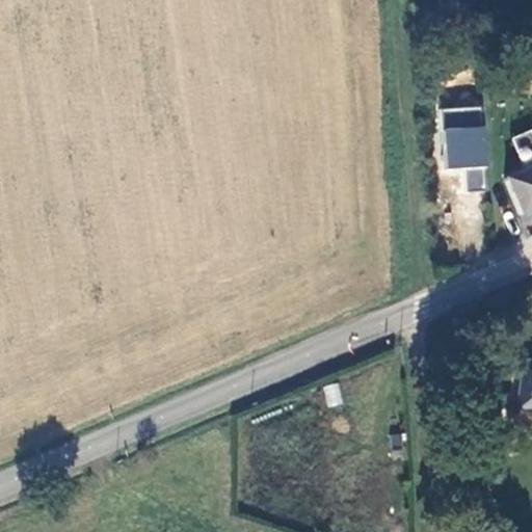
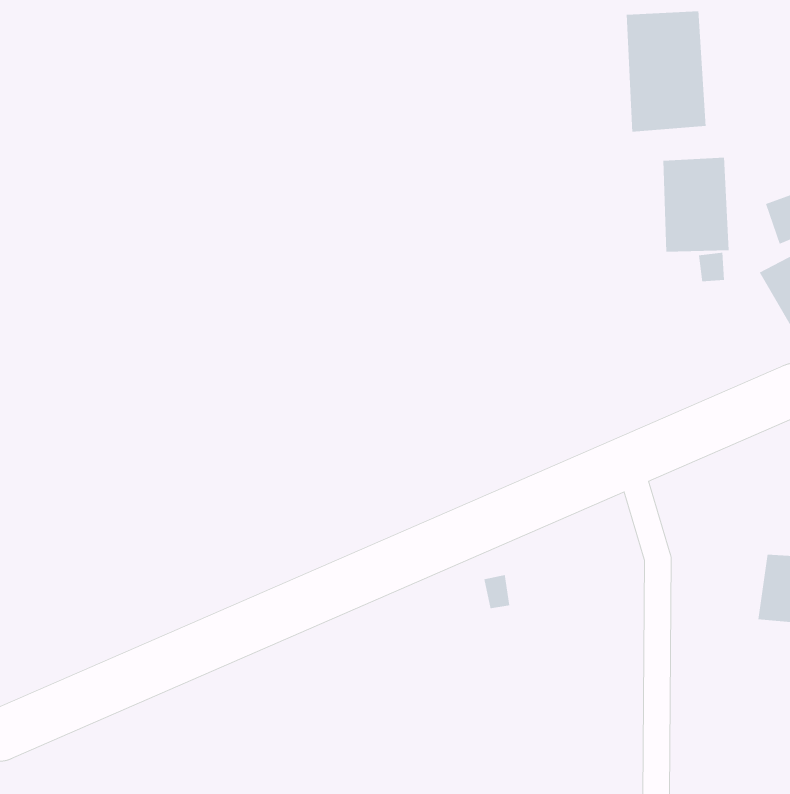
building: none -> [626,11,706,132]

